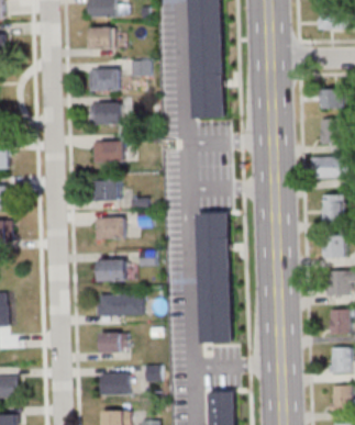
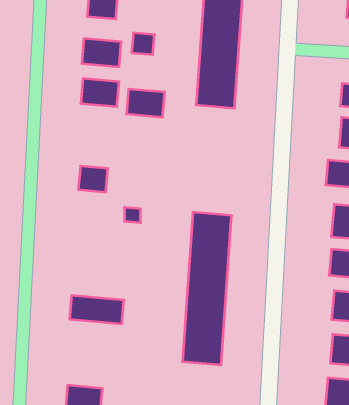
building: [92,141,124,163] -> [126,89,165,117]
building: [95,217,125,238] -> none
building: [95,258,125,281] -> none
building: [100,332,127,353] -> none

